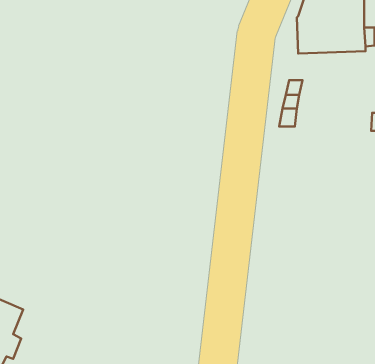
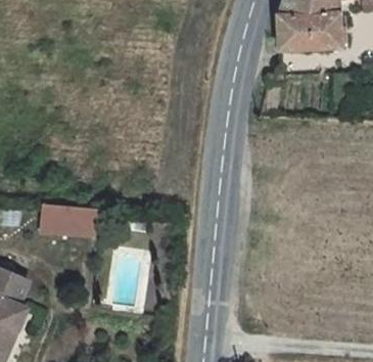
building: none -> [43,205,97,235]

